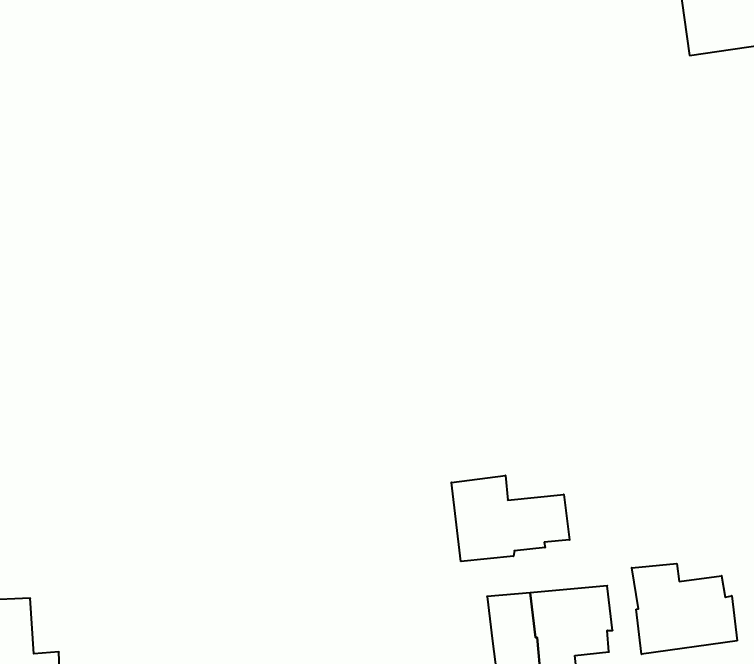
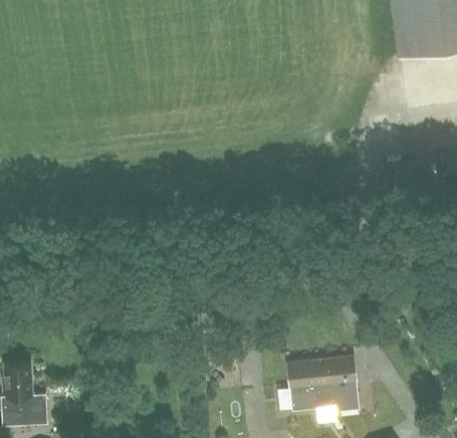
building: [451,475,570,561] -> none
building: [632,564,737,654] -> none

